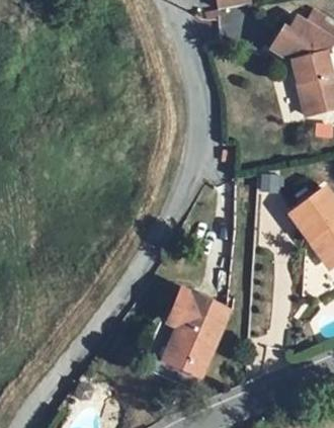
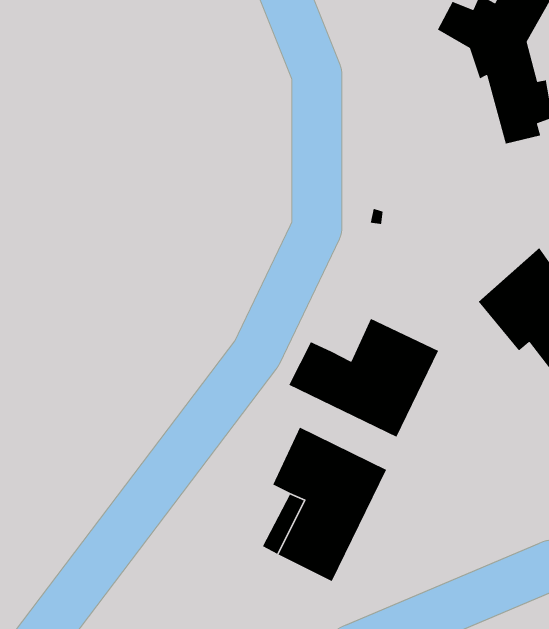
building: none -> [288,318,439,438]

